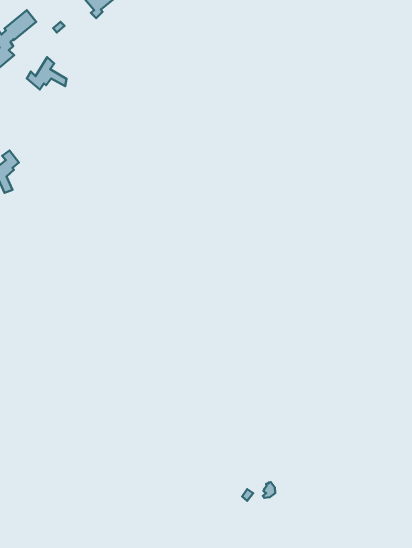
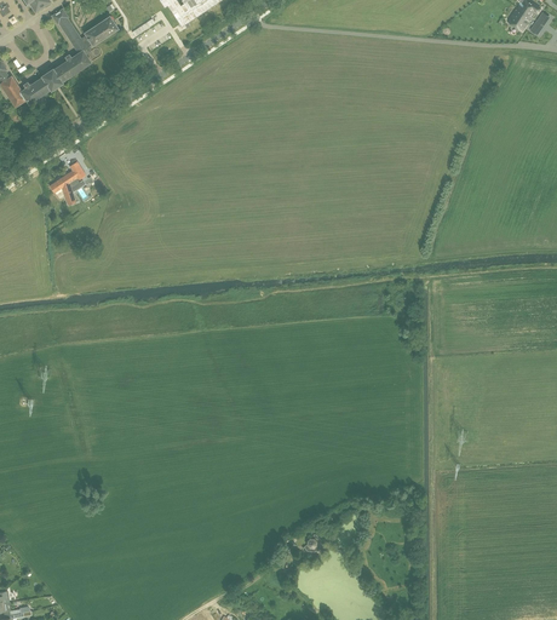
building: [27,57,67,89] -> none

